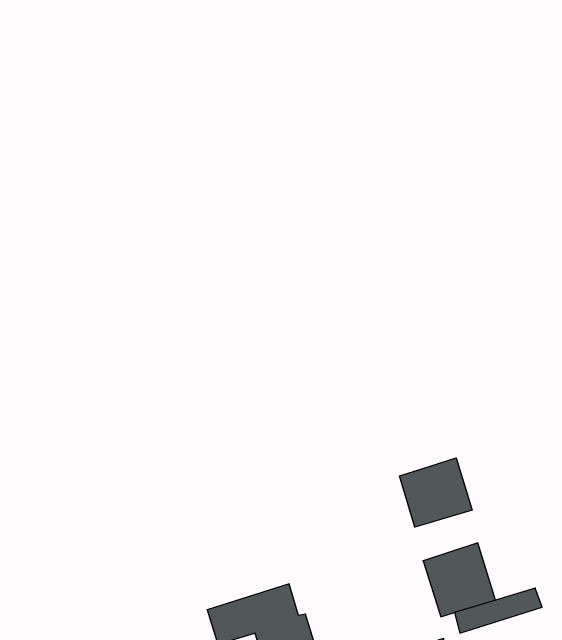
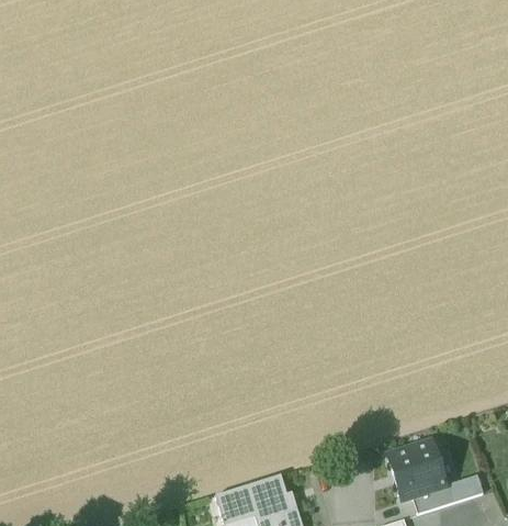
building: [399,458,472,527] -> none

